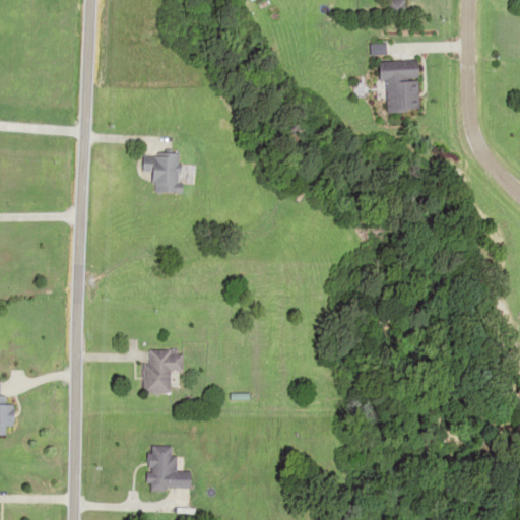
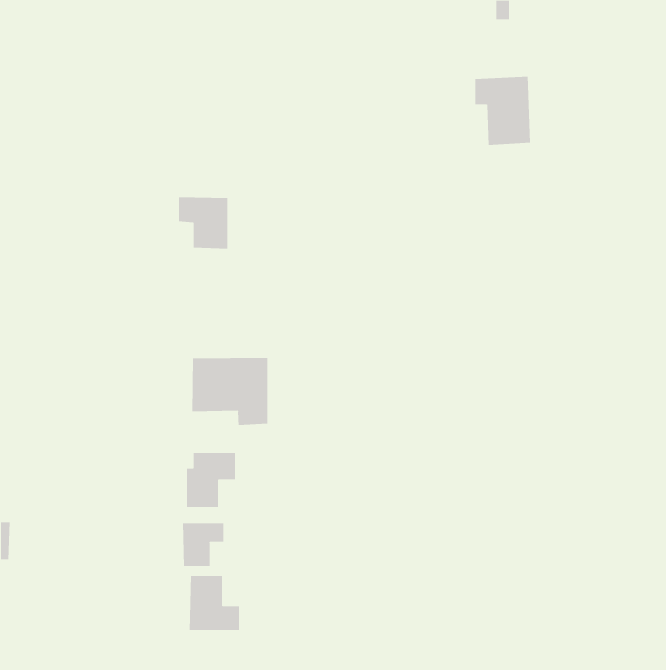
building: none -> [192,357,268,426]
building: none -> [182,522,224,567]

